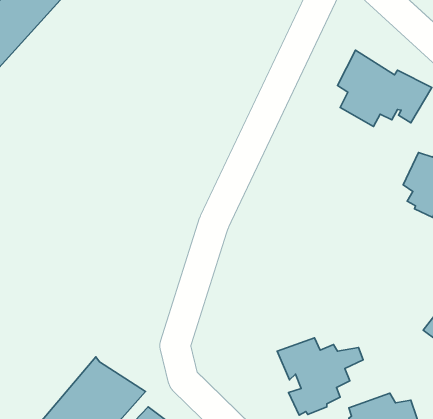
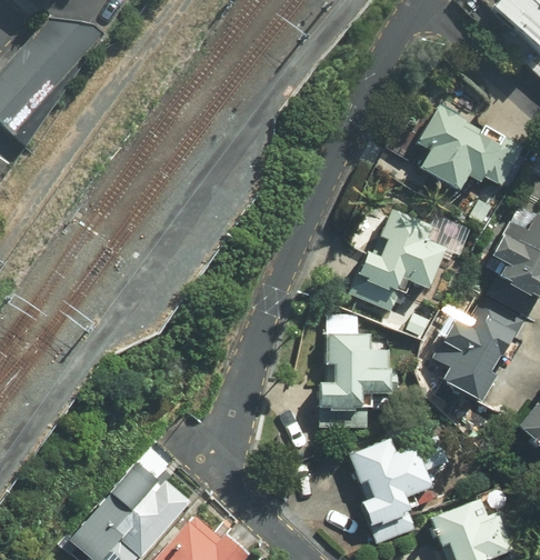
building: none -> [351,210,447,312]
building: none -> [432,318,513,404]
building: none -> [320,332,403,412]

